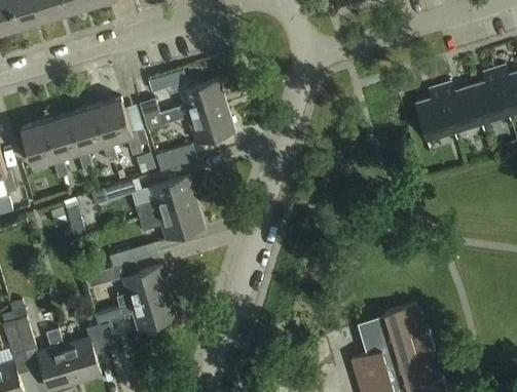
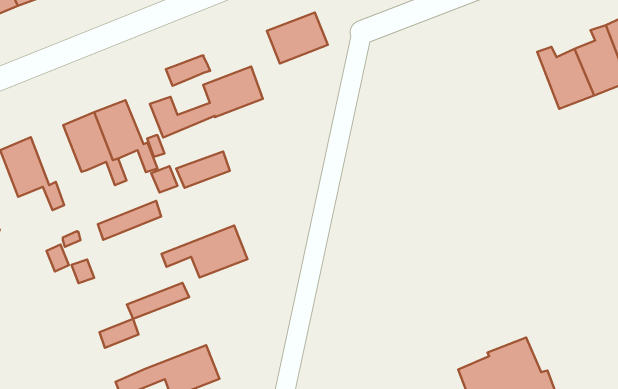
building: [414,87,453,142] -> none
building: [188,107,234,144] -> [267,13,328,63]
building: [45,115,91,171] -> none
building: [135,177,196,220] -> none
building: [116,268,168,307] -> none

